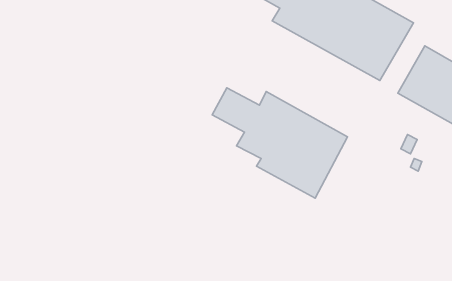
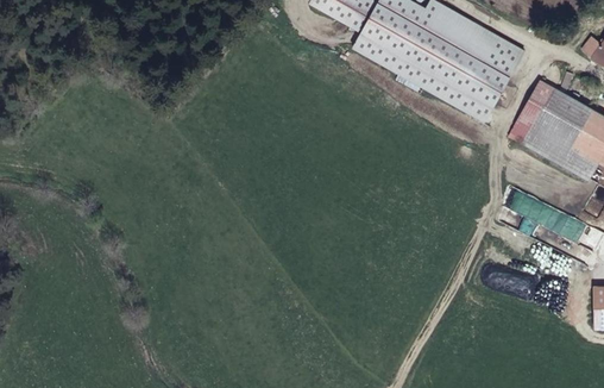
building: [212,88,348,198] -> none

